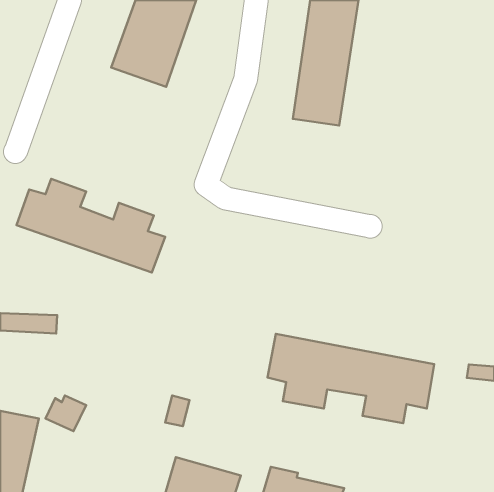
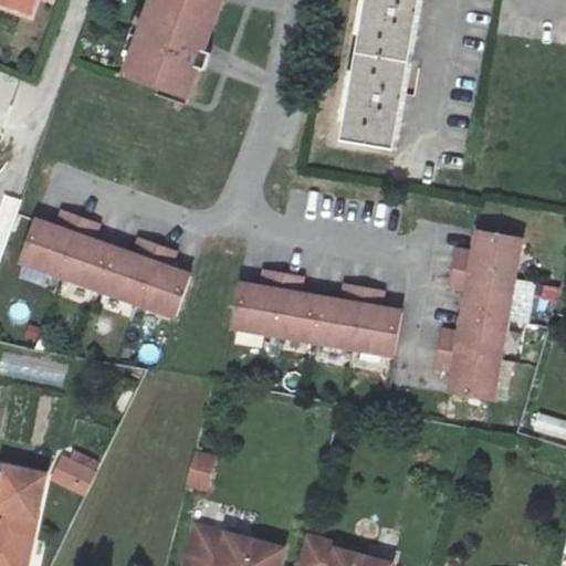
building: none -> [431,231,521,401]
building: none -> [229,268,399,356]
building: [267,334,434,423] -> none

